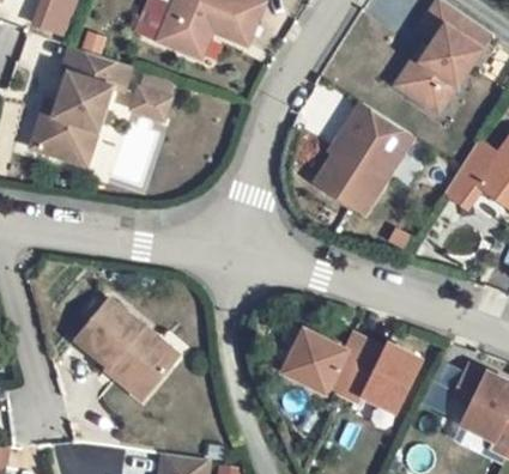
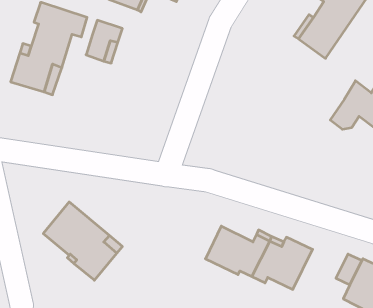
building: [317,104,414,214] -> none

